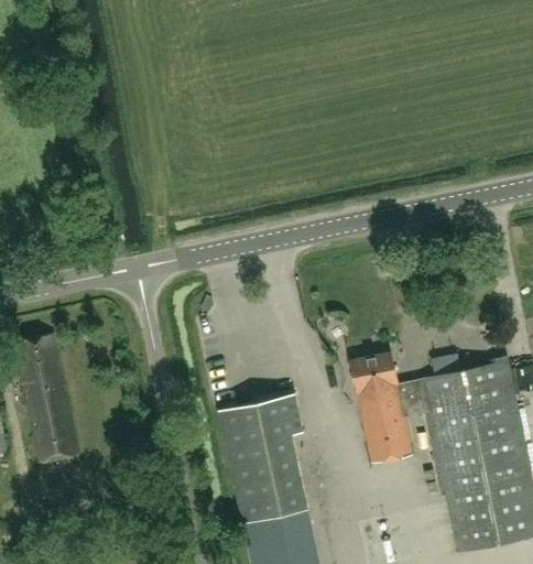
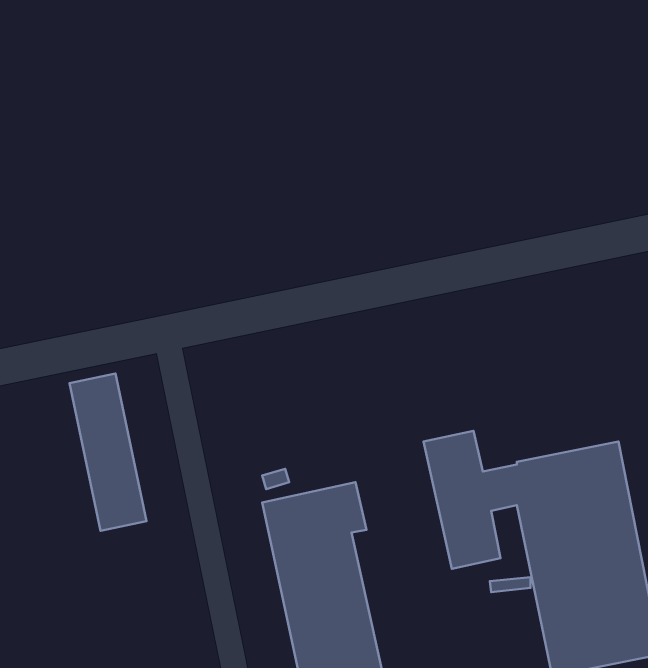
building: [15,335,78,463] -> [69,374,147,531]

